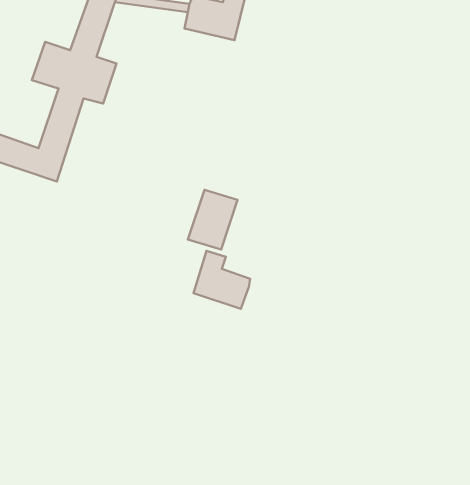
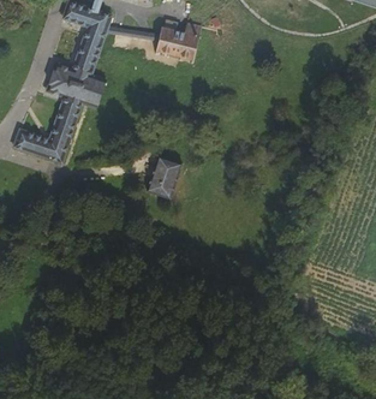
building: [193,251,250,309] -> none

